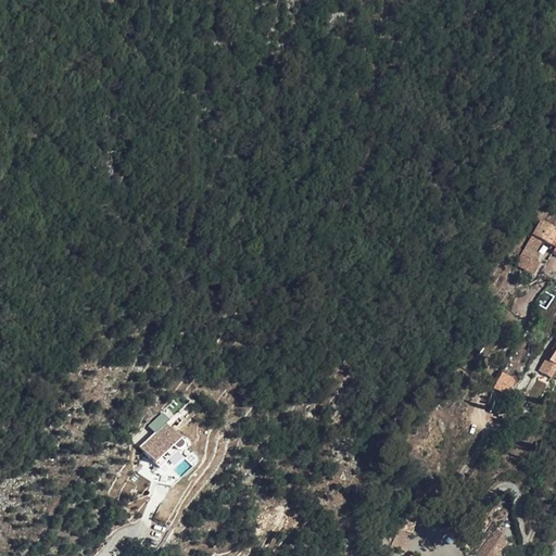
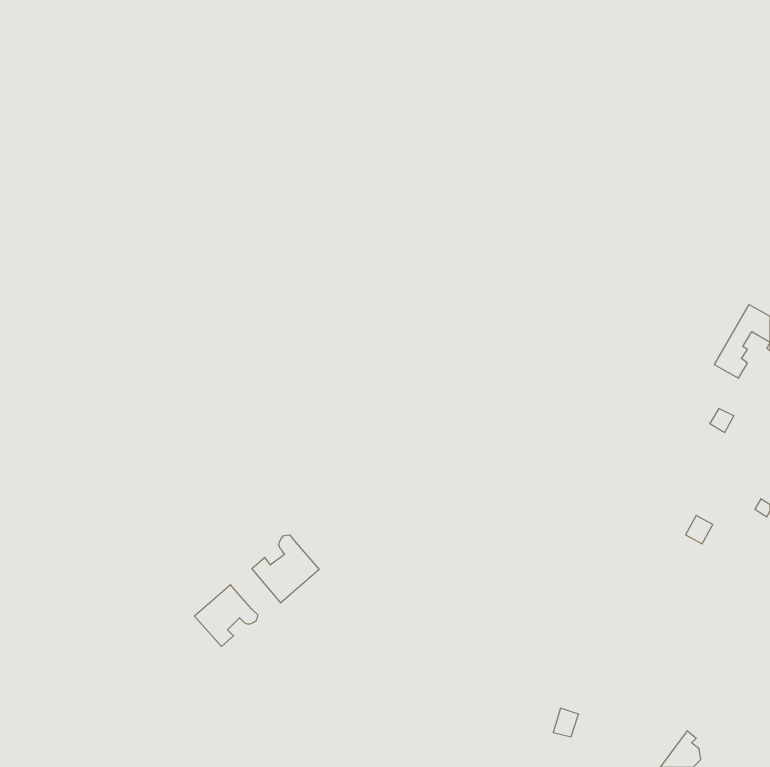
building: none -> [252,535,319,603]

